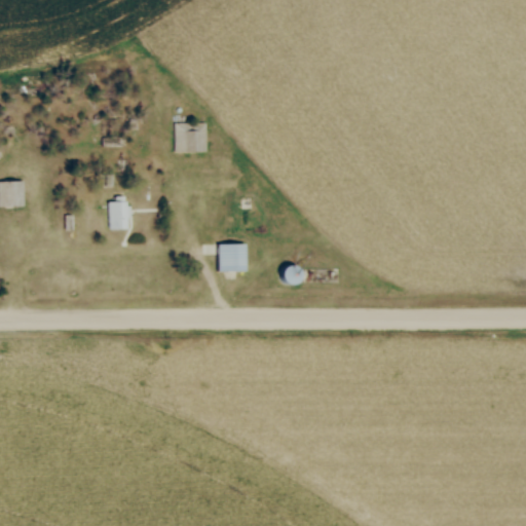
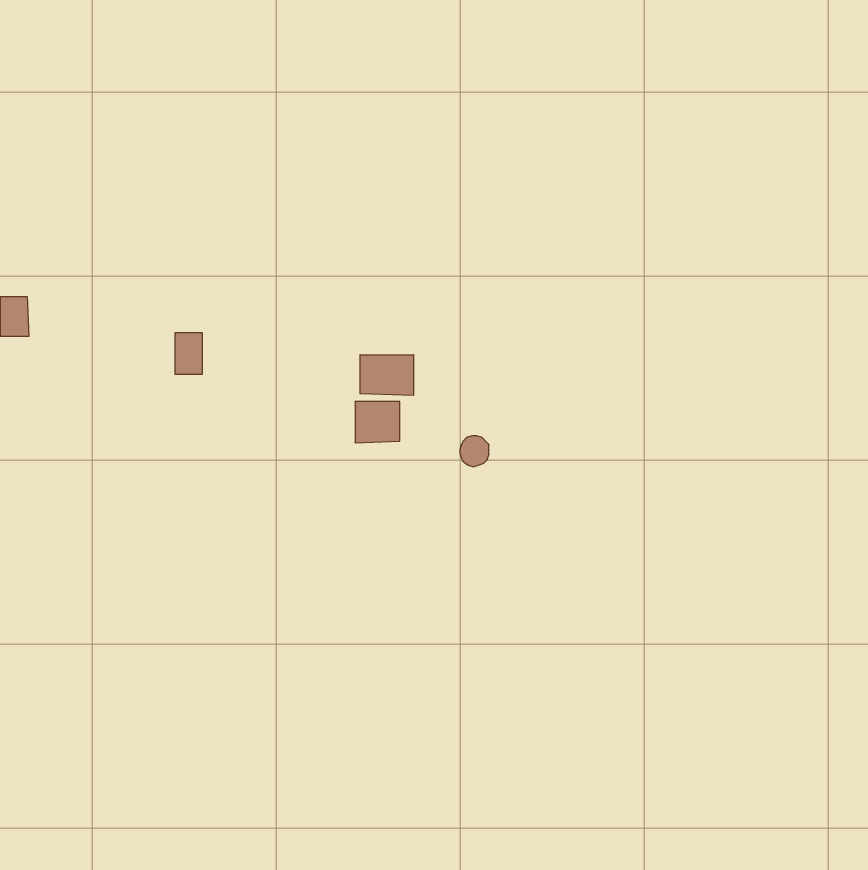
building: [178,124,208,151] -> none
building: none -> [360,355,414,395]

